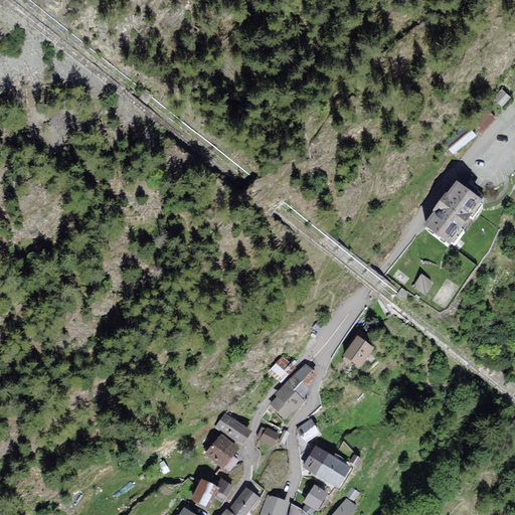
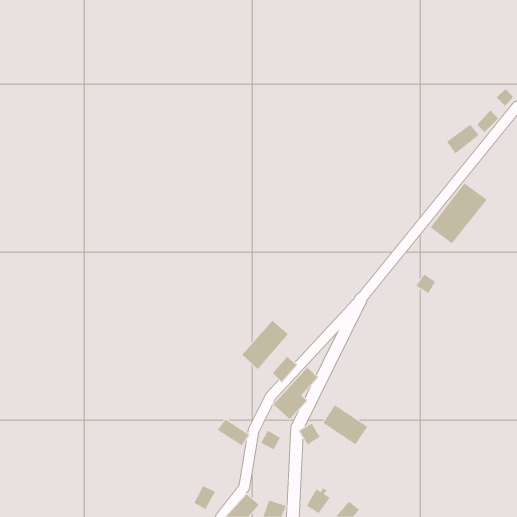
building: none -> [242,320,289,370]
building: [345,338,371,365] -> none
building: [202,434,237,469] -> none
building: [306,447,351,487] -> [322,405,368,445]

